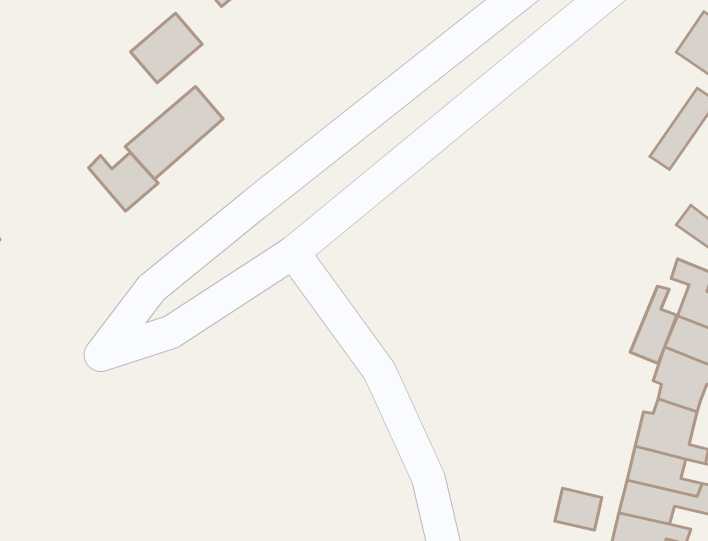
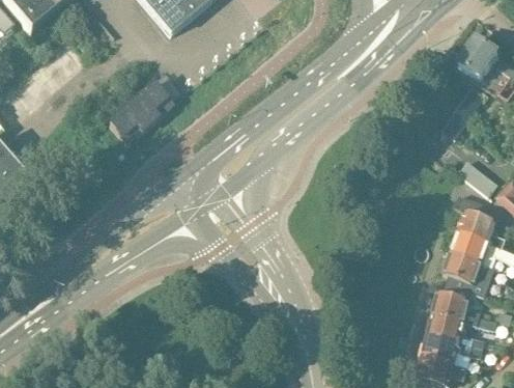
building: [130,13,202,83] -> none
building: [89,153,158,211] -> none
building: [630,286,677,363] -> none
building: [555,488,602,530] -> none

